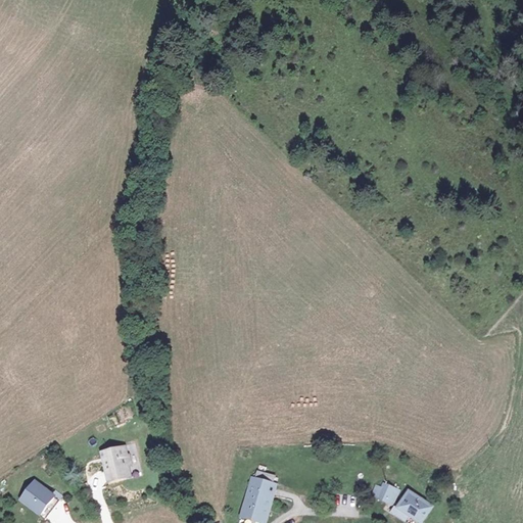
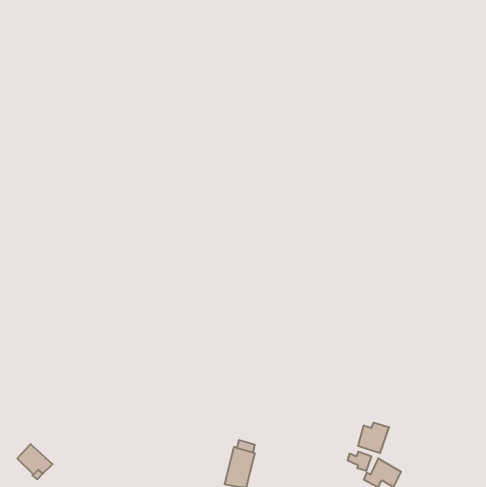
building: [105,447,134,480] -> none
building: none -> [358,423,389,453]

